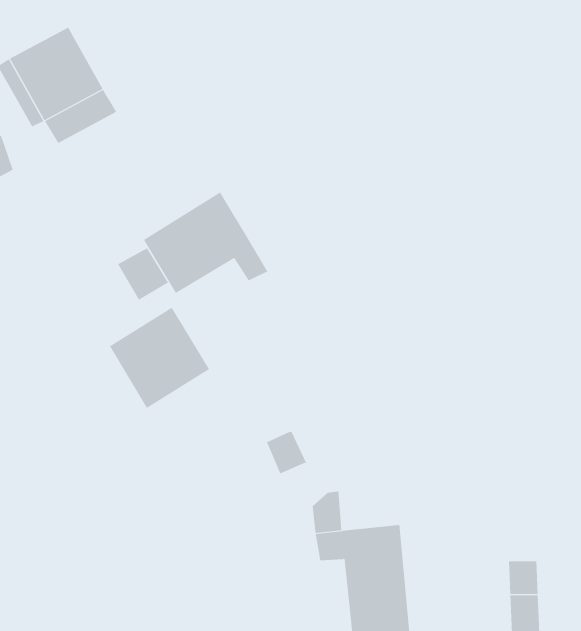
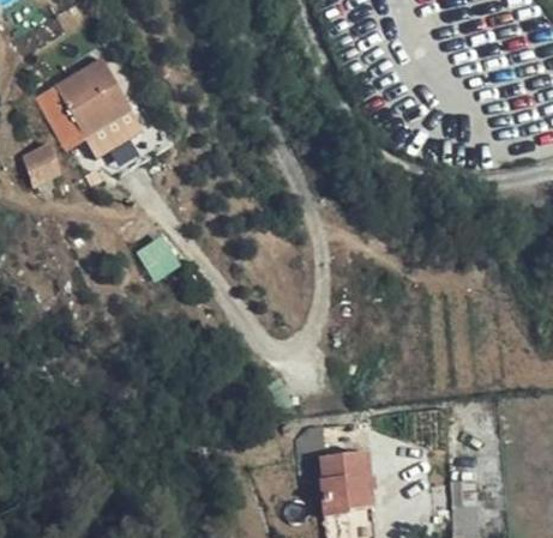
building: [143,191,268,294] -> none
building: [109,307,210,409] -> none

